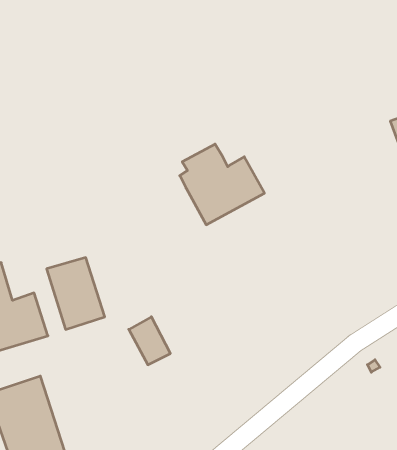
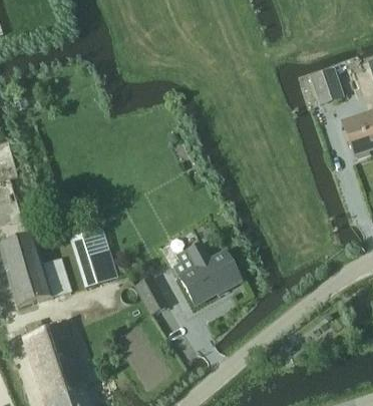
building: none -> [310,67,344,104]
building: [180,144,264,225] -> [173,240,241,304]

